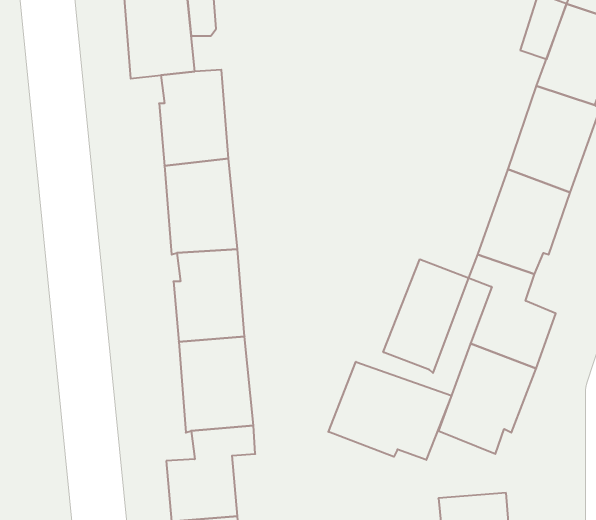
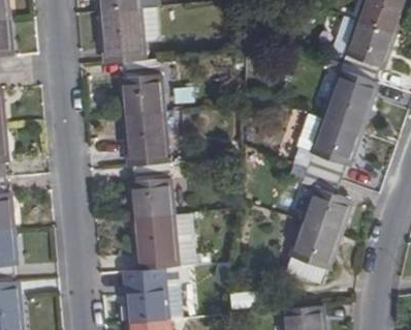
building: [383,259,469,373] -> none
building: [328,362,451,460] -> none

